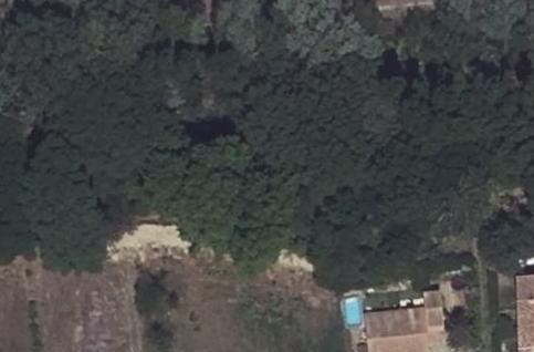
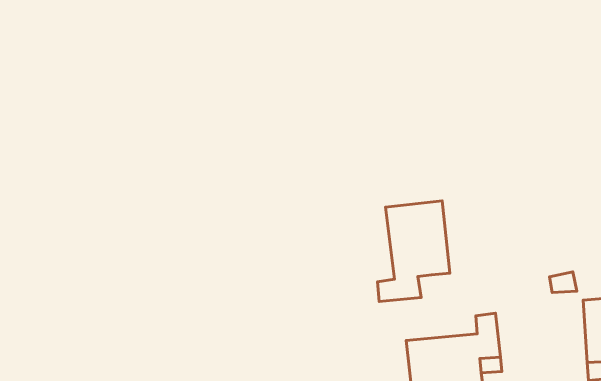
building: none -> [377,201,450,302]

